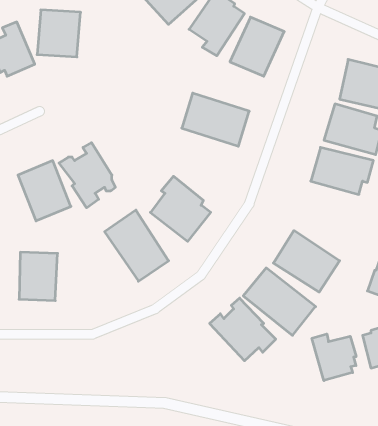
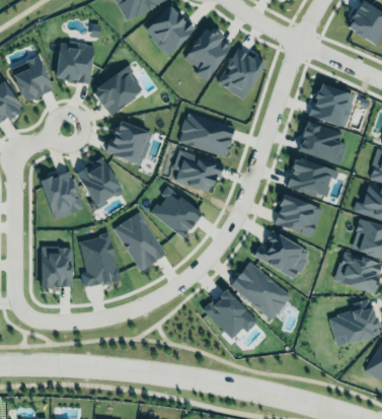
building: none -> [93,63,143,115]
building: none -> [102,118,151,165]
building: none -> [174,150,221,194]
building: none -> [275,193,321,237]
building: none -> [79,234,122,289]
building: [312,334,356,381] -> none

